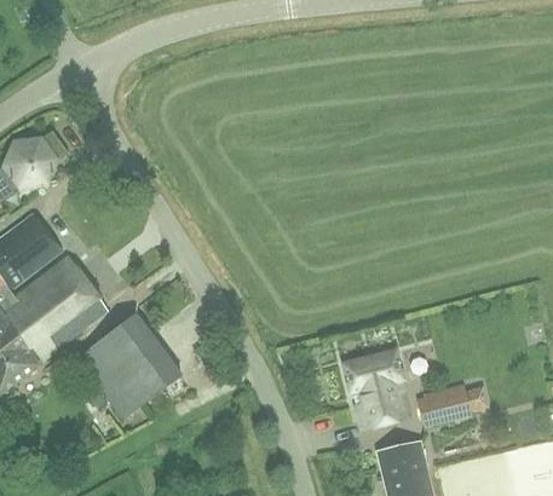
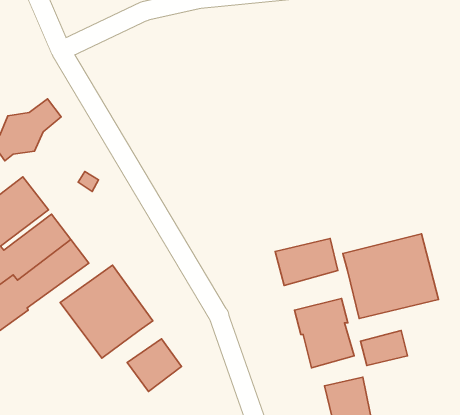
building: none -> [343,234,439,318]
building: none -> [275,238,338,285]
building: none -> [127,339,181,392]

